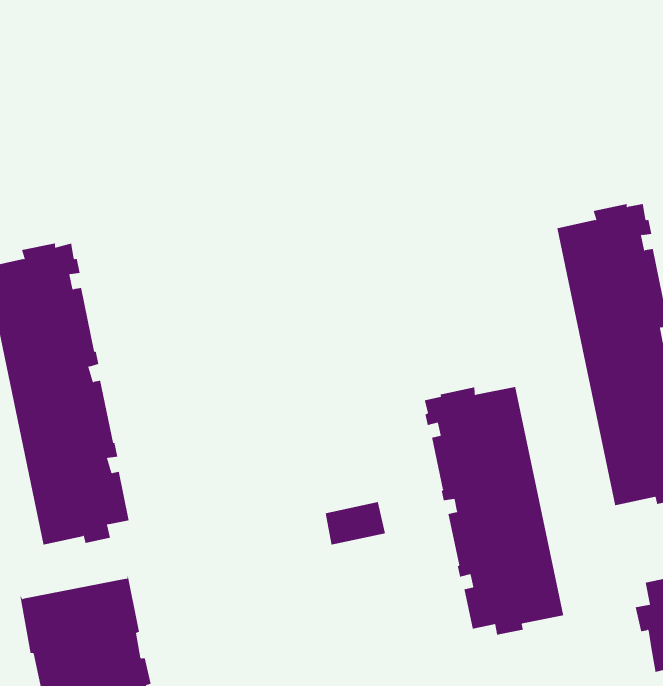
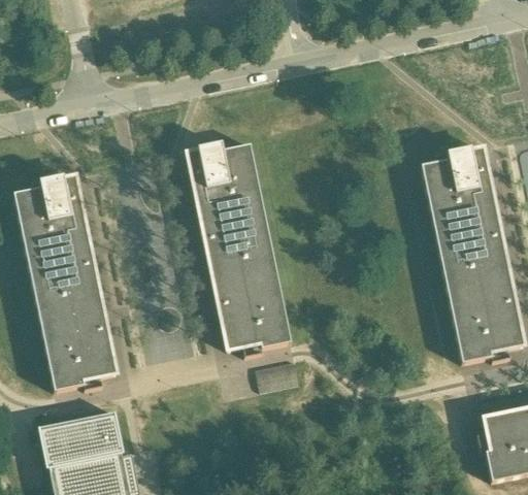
building: none -> [186,140,290,355]
building: [424,386,564,636] -> none

